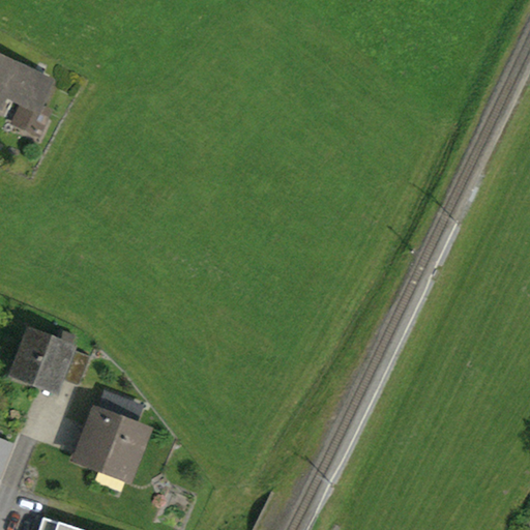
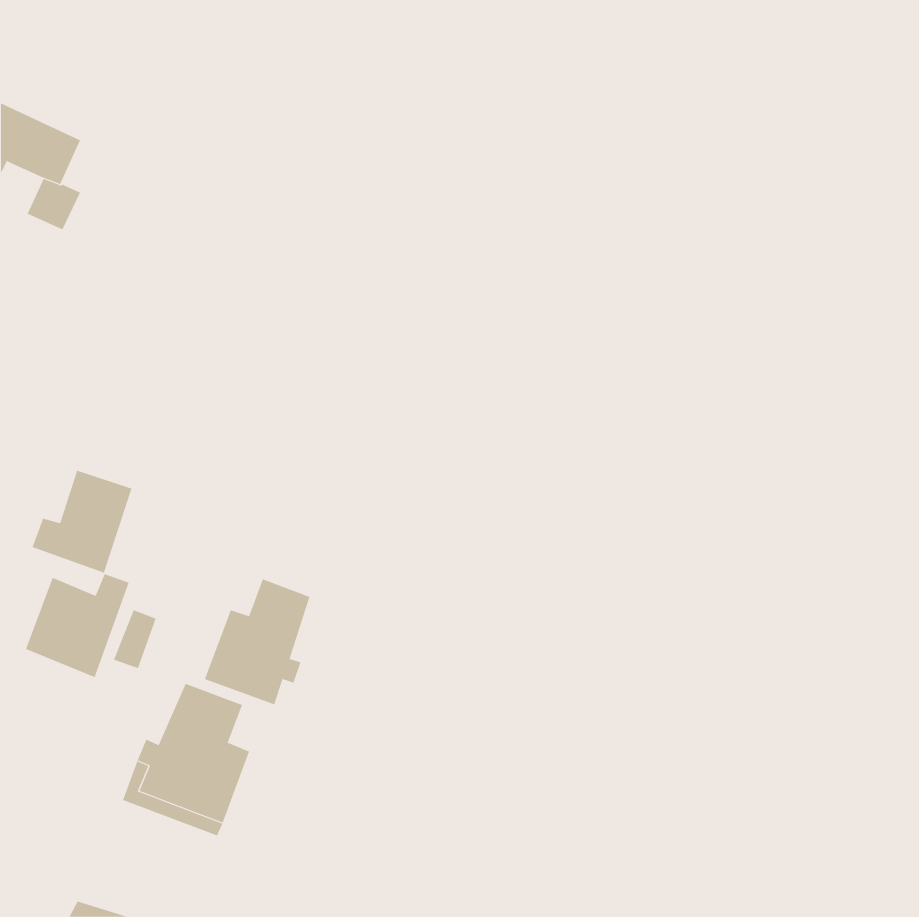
building: none -> [32,470,132,574]
building: none -> [204,579,310,705]

